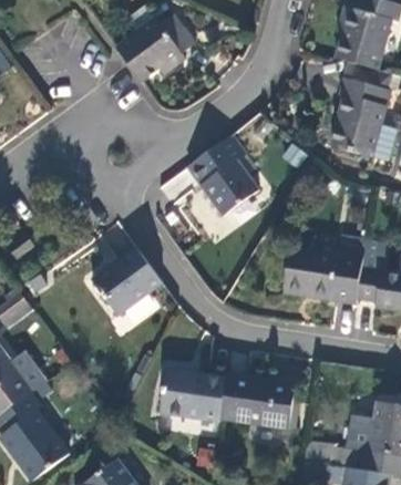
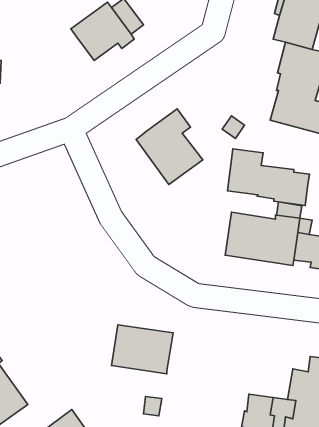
building: none -> [227,149,310,205]
building: [91,246,162,314] -> none
building: [219,373,295,427] -> none

